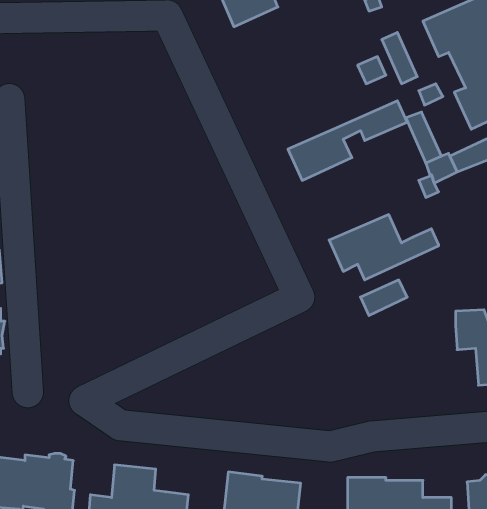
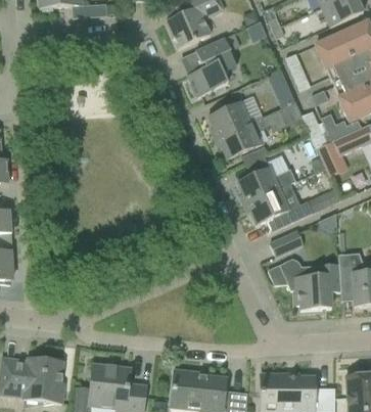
building: none -> [188,38,236,96]
building: none -> [208,100,250,136]
building: none -> [238,166,295,201]
building: none -> [280,257,341,309]

